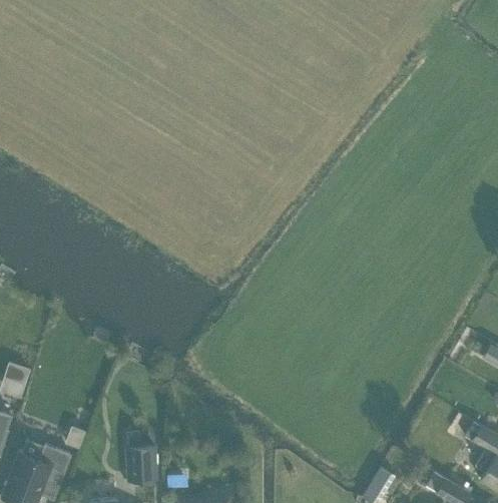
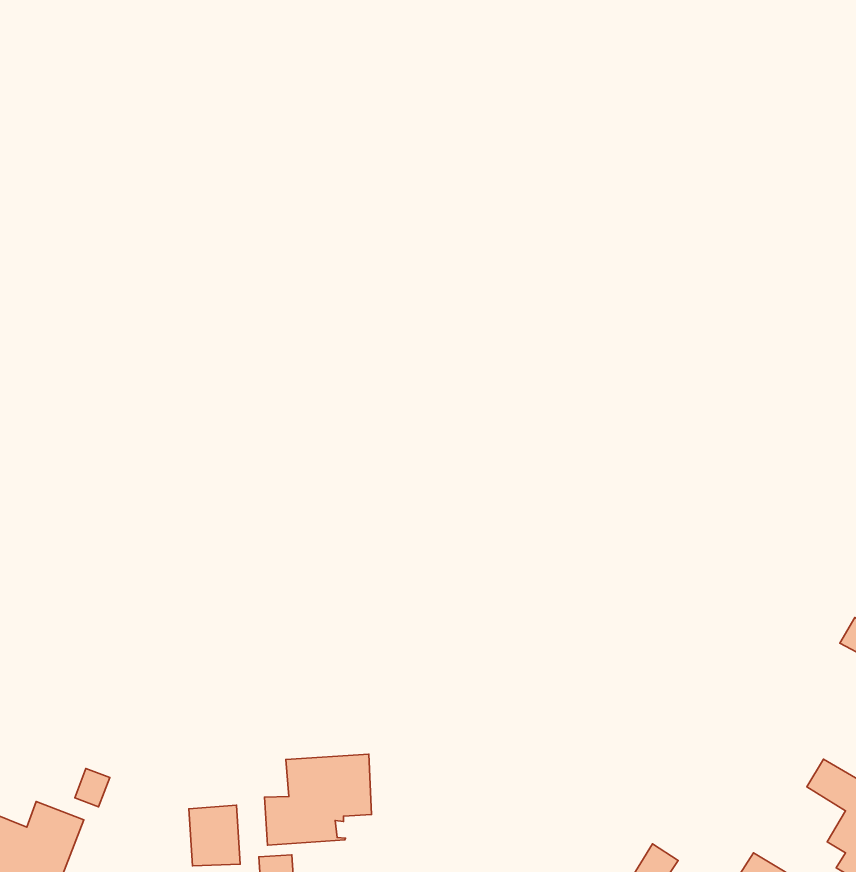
building: none -> [264,754,371,845]

